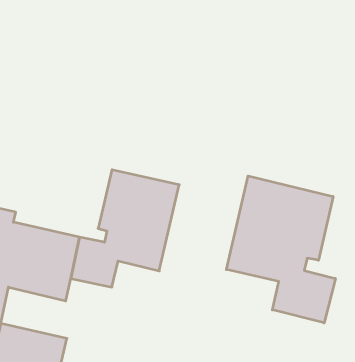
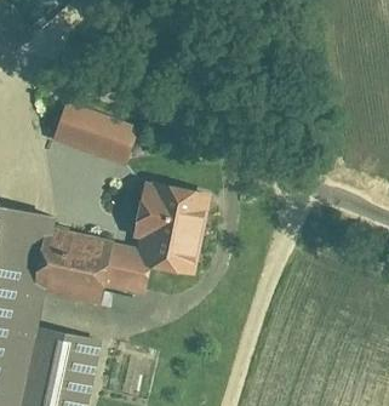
building: none -> [57,104,139,165]
building: [226,176,335,323] -> none

